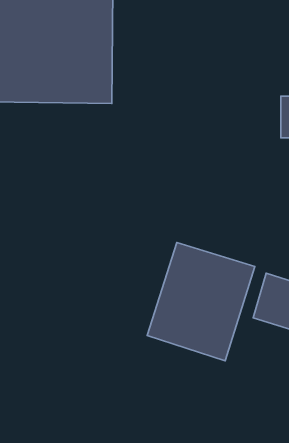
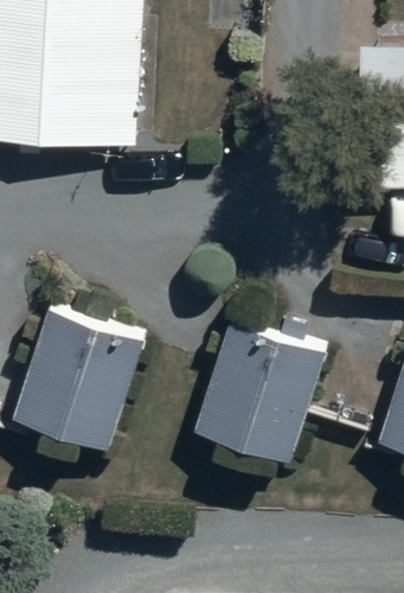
building: none -> [12,315,139,446]

